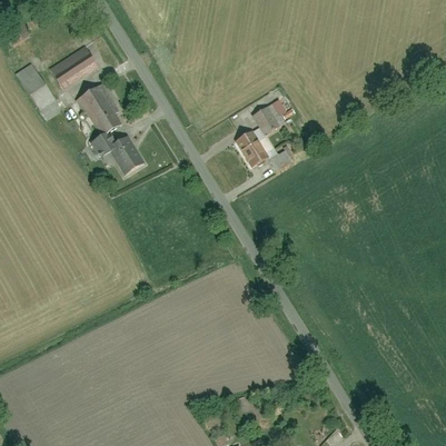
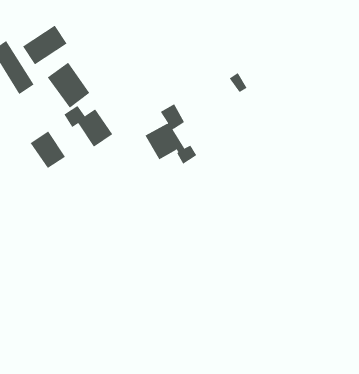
building: [235,106,291,171] -> [144,104,197,164]
building: none -> [30,130,66,169]

